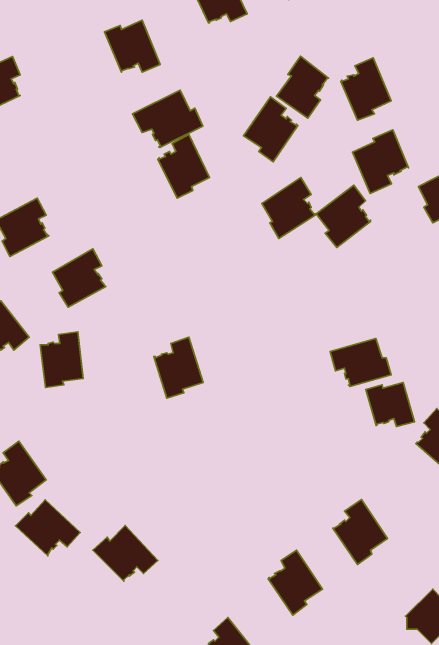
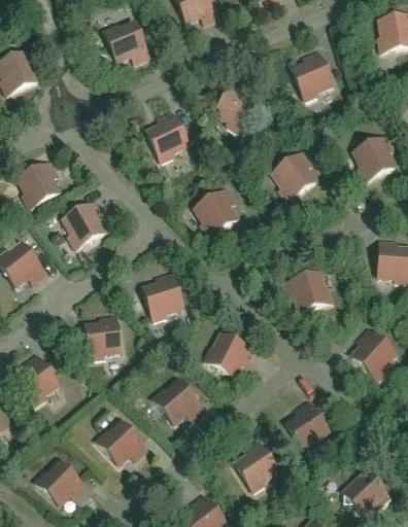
building: [276,56,328,118] -> none
building: [133,90,203,147] -> none
building: [353,130,409,193] -> none
building: [262,178,315,239] -> [195,187,237,236]
building: [40,332,83,388] -> [86,314,120,358]
building: [366,382,414,426] -> none
building: none -> [203,333,253,375]
building: none -> [151,379,202,423]
building: [15,500,80,556] -> [34,460,86,504]

